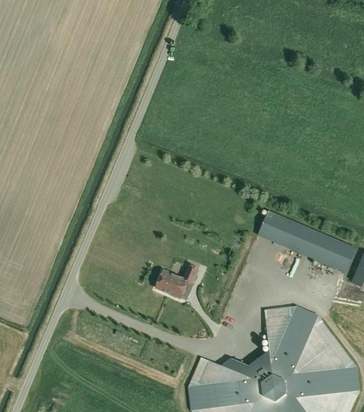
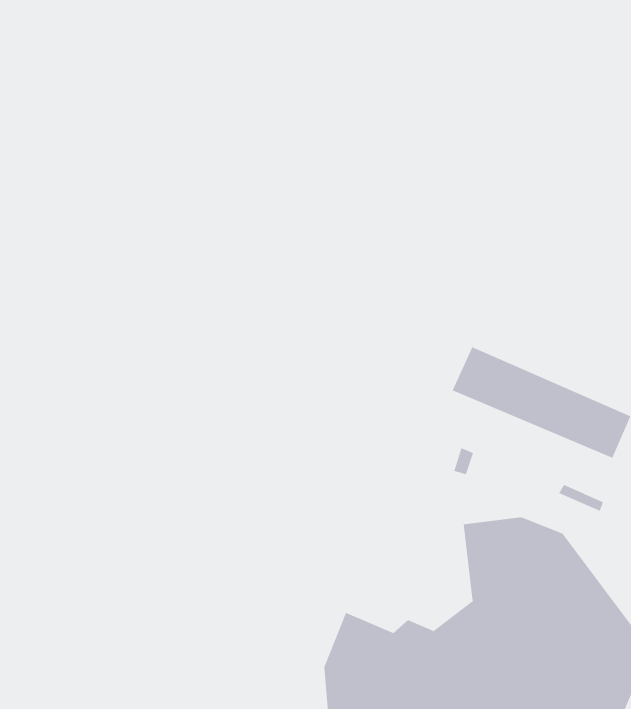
building: [157,265,198,297] -> none

